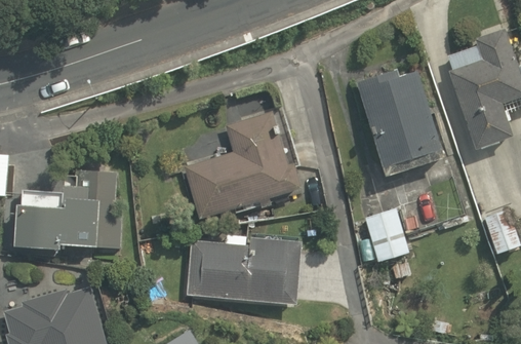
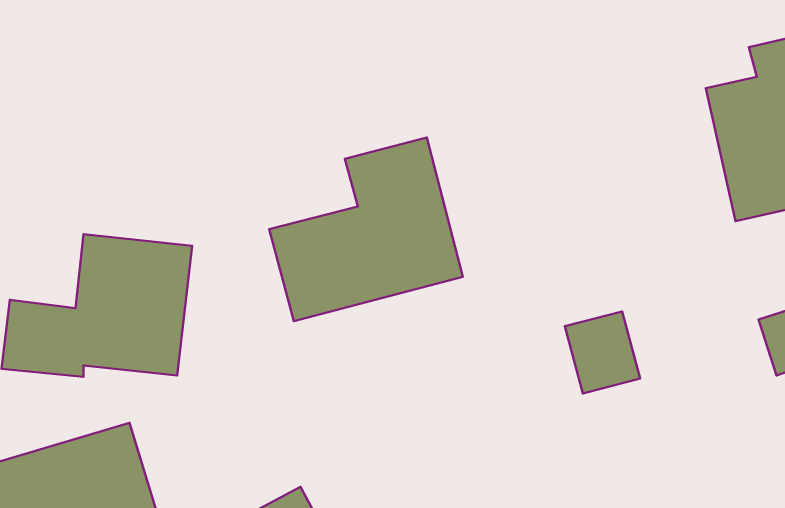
building: [355,67,447,178] -> none
building: [182,233,302,305] -> none

